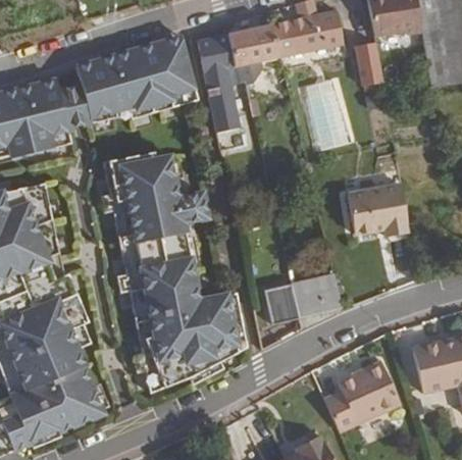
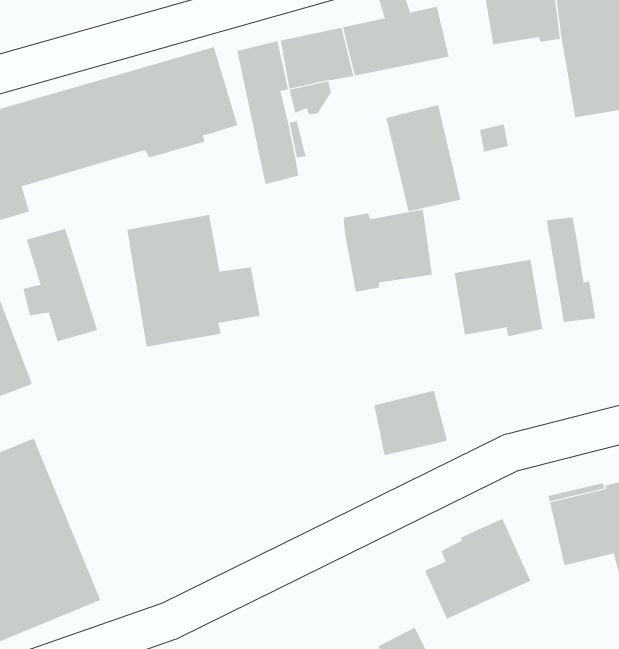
building: [353,41,380,86] -> none
building: none -> [343,209,433,292]
building: none -> [546,217,596,323]
building: none -> [23,228,98,342]
building: [137,254,244,367] -> none
building: [263,283,298,323] -> none

